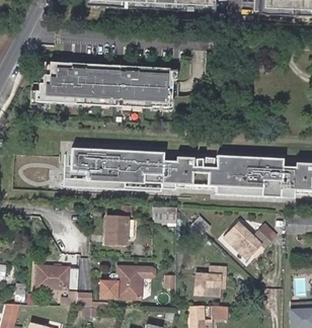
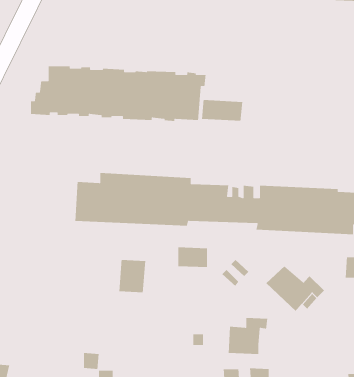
building: none -> [201,99,243,122]
building: [37,263,69,286] -> none
building: [99,266,151,299] -> none

